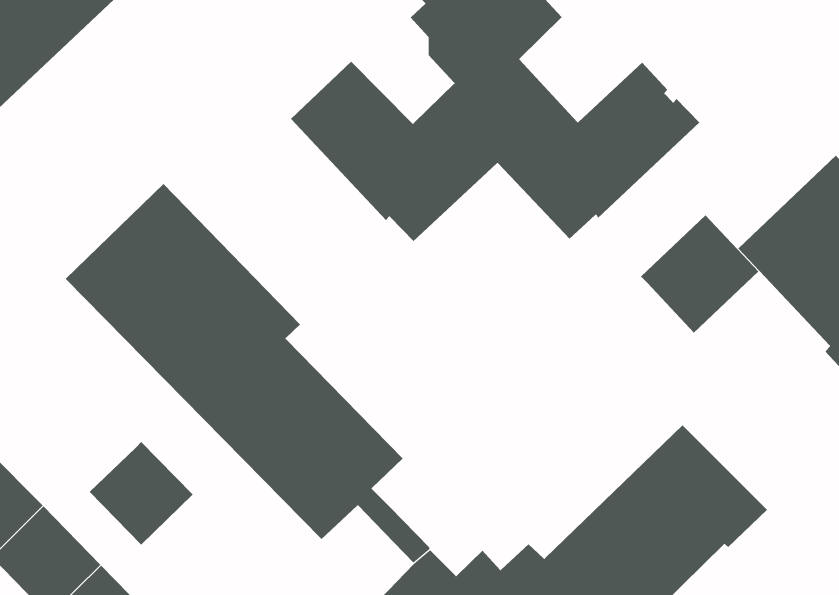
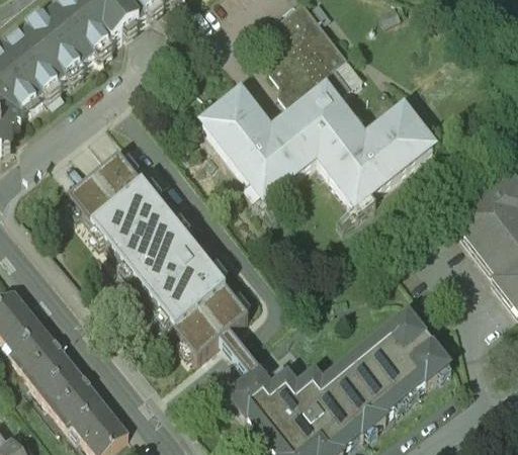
building: [640,215,759,334] -> none
building: [89,441,193,545] -> none

